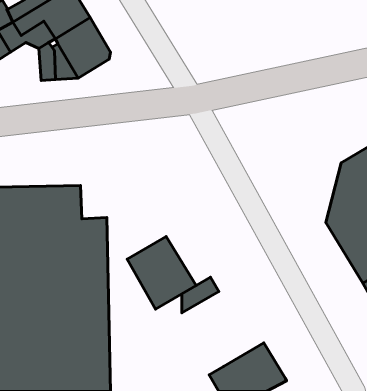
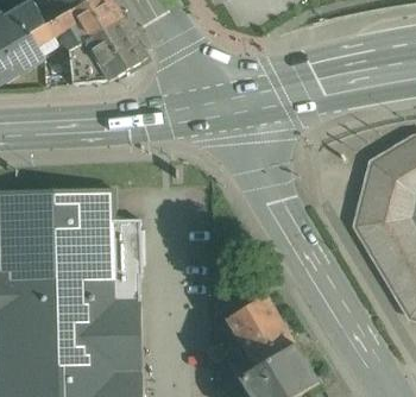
building: [127,237,196,309] -> [227,297,296,370]

